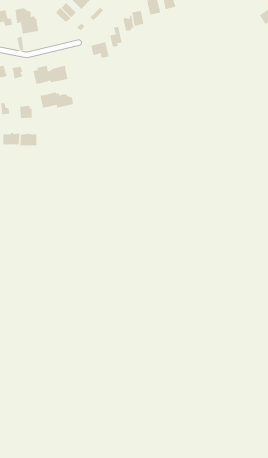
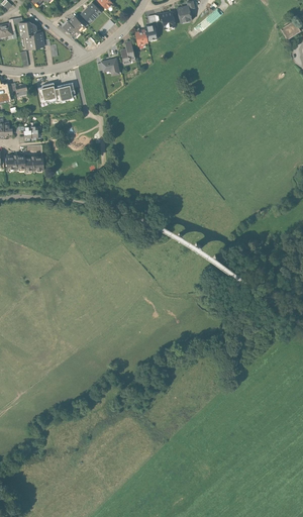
building: [40,92,73,109] -> none

